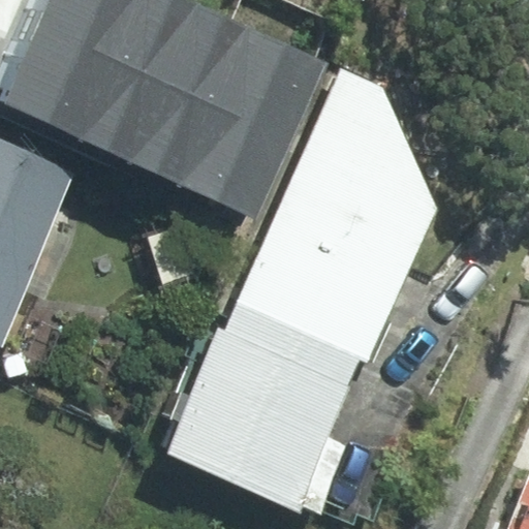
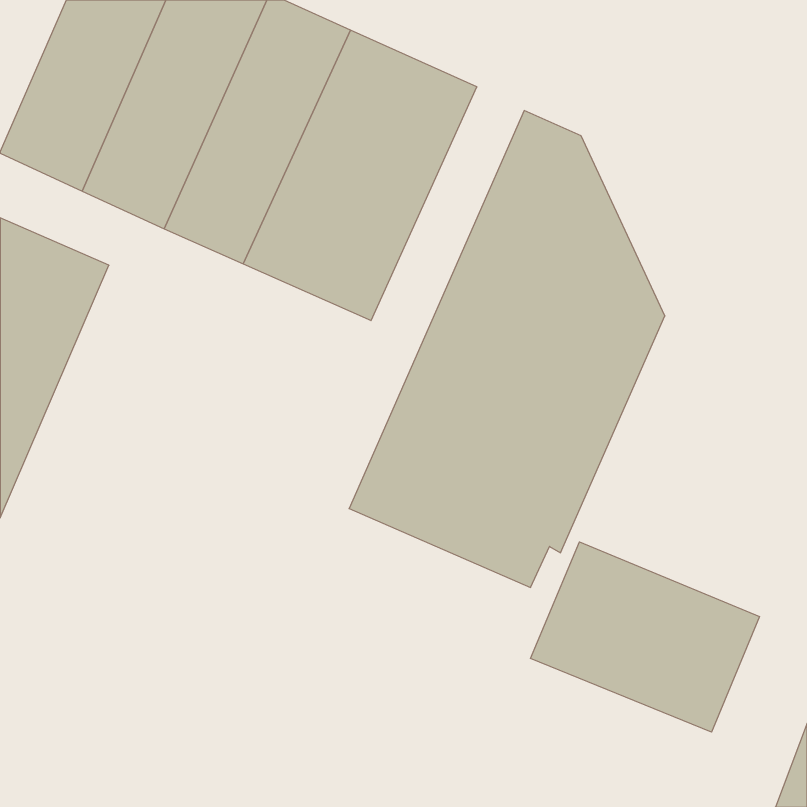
building: [172,329,347,510] -> none
building: none -> [530,542,759,732]

